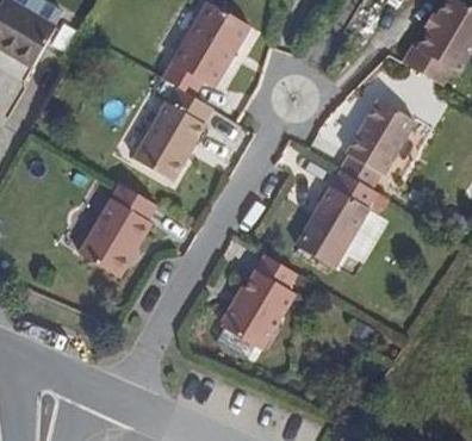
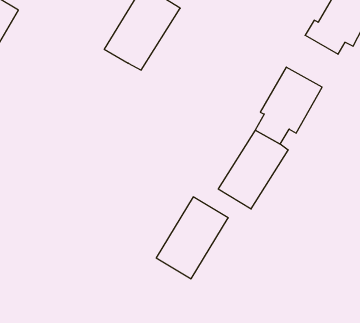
building: [142,93,217,182] -> none
building: [82,185,161,280] -> none

